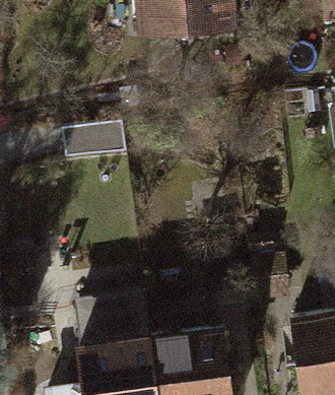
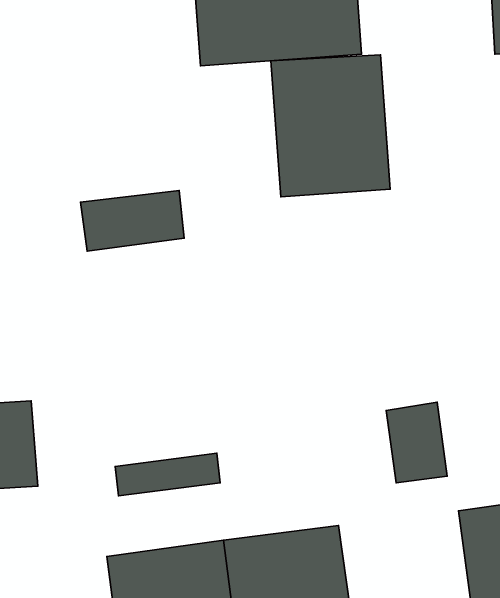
building: none -> [271,55,390,197]

